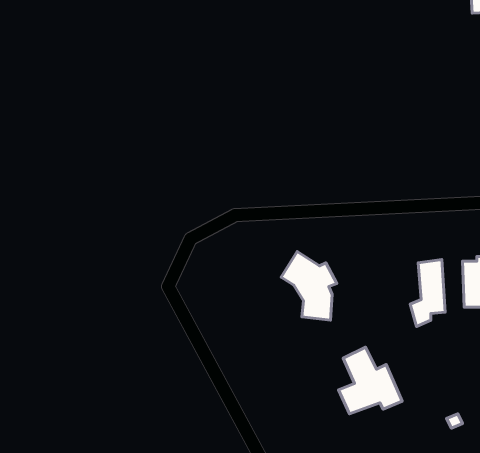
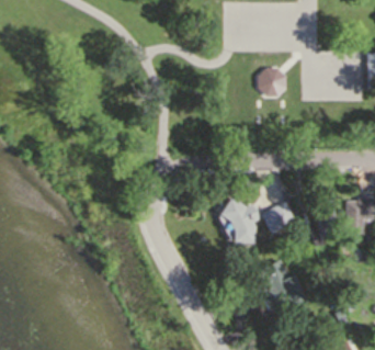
building: none -> [260,71,288,95]
building: none -> [263,202,295,232]

